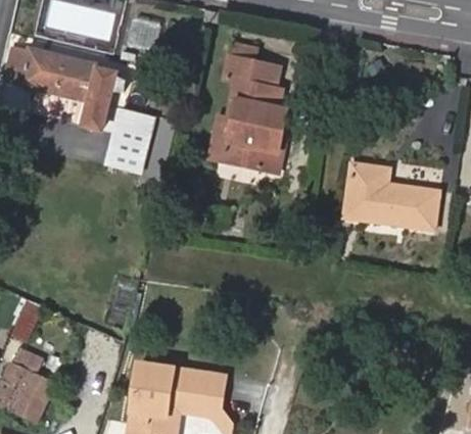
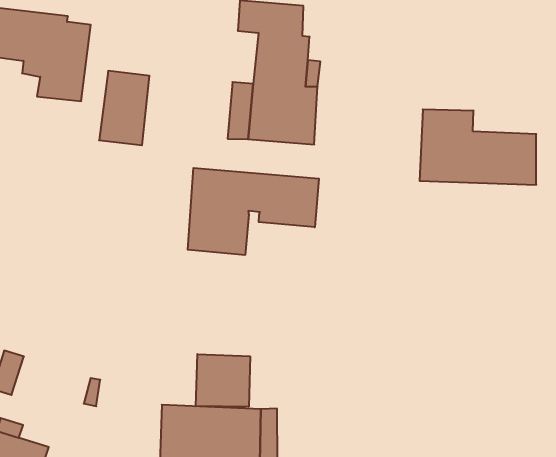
building: none -> [188,168,319,255]
building: none -> [196,354,250,407]

